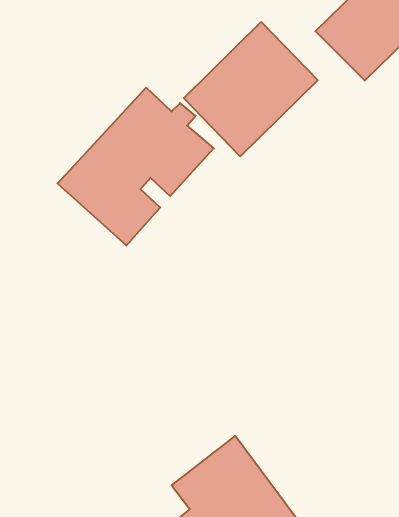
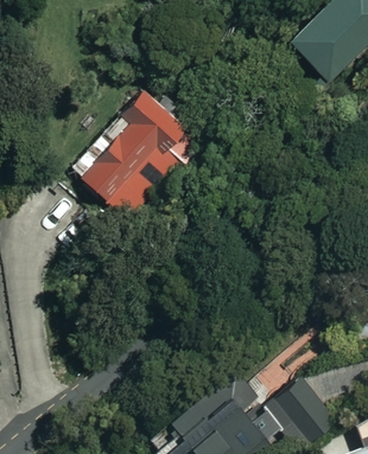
building: [184,22,318,156] -> none
building: none -> [273,371,338,443]

